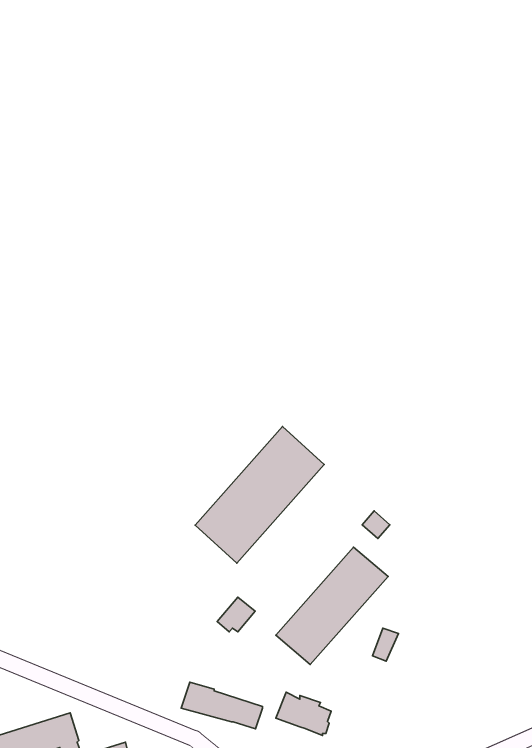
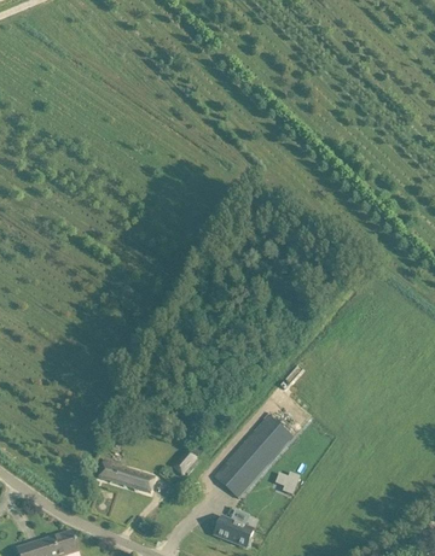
building: [195,426,324,563] -> none
building: [181,682,262,729] -> [98,458,155,491]

